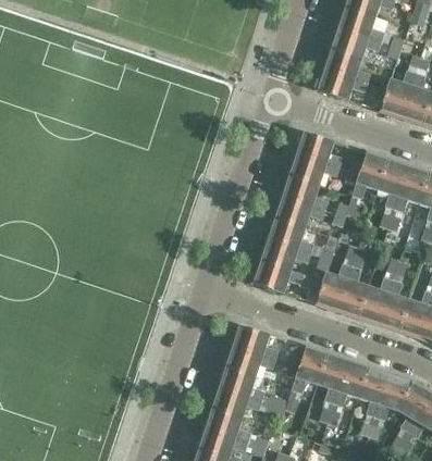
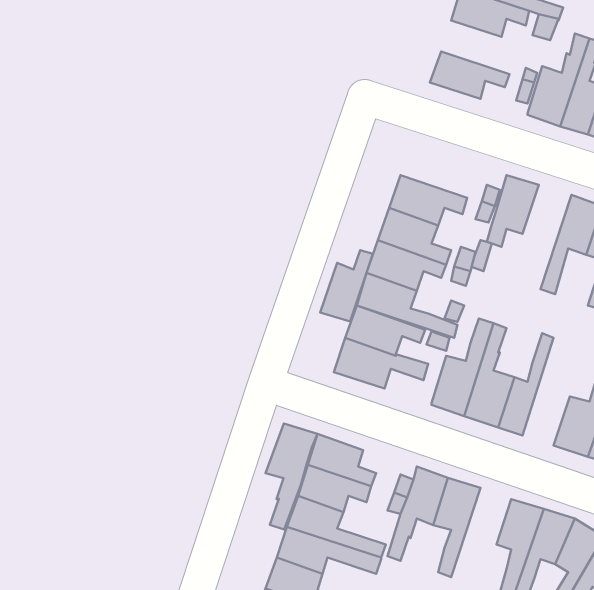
building: [323,48,372,84] -> none
building: [296,129,344,166] -> none
building: [378,158,410,227] -> none
building: none -> [320,250,373,322]
building: [378,260,409,332] -> none
building: none -> [265,423,318,529]
building: [330,360,370,423] -> none

